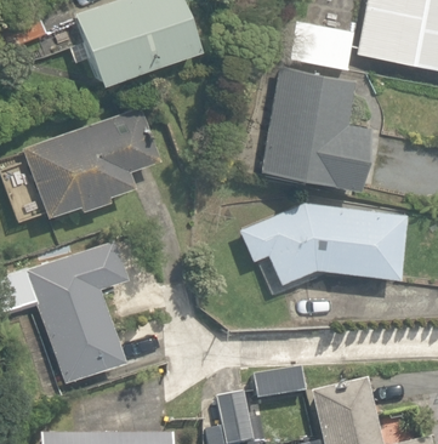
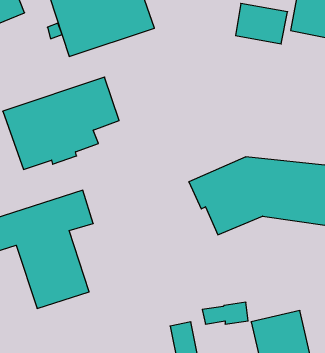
building: [262,66,369,187] -> none

